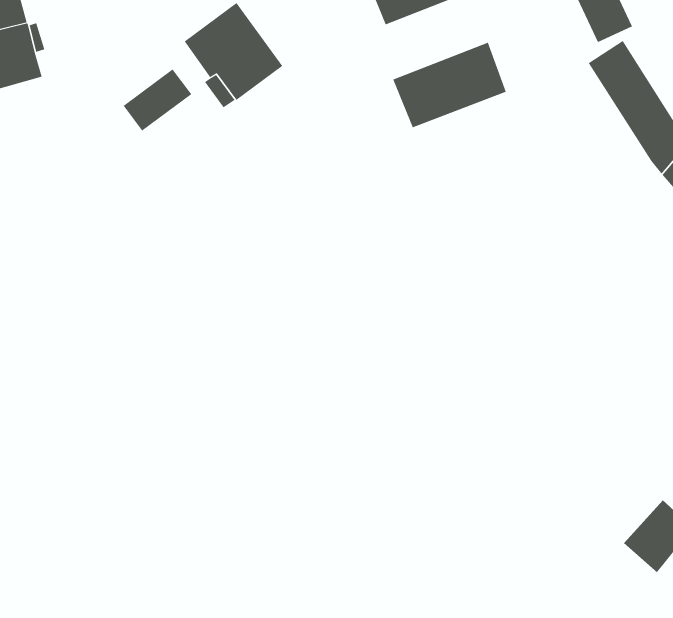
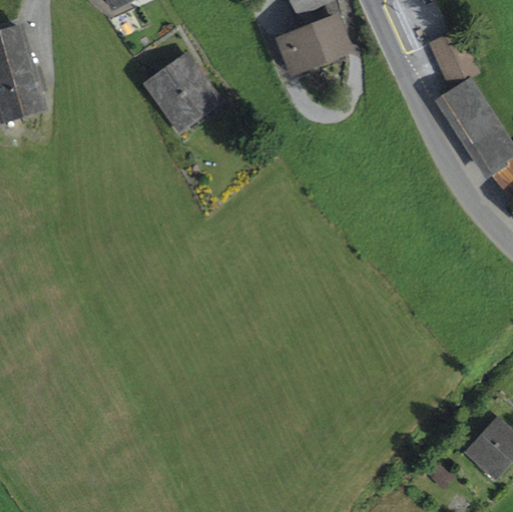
building: [393,42,507,128] -> none
building: [123,69,192,132] -> none

